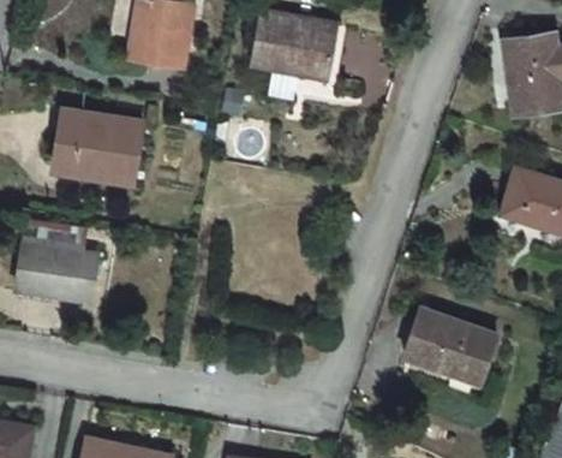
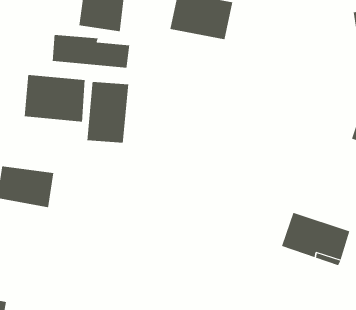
building: none -> [52,34,130,68]
building: none -> [87,81,129,143]

